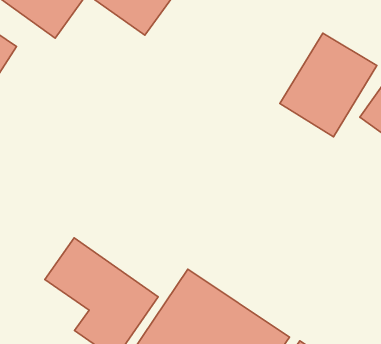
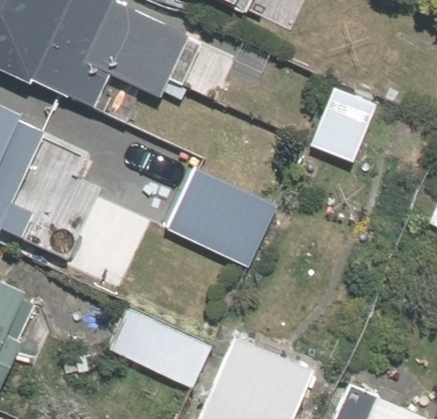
building: none -> [159,158,288,273]

